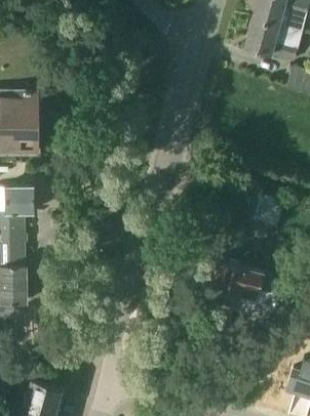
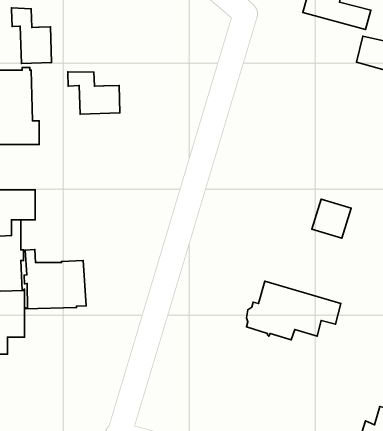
building: none -> [11,8,52,64]
building: none -> [68,72,120,114]
building: none -> [24,250,86,309]

